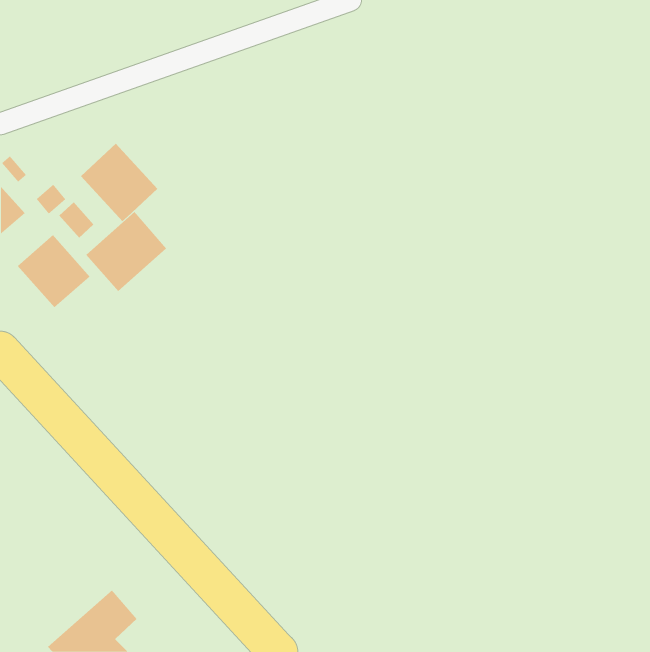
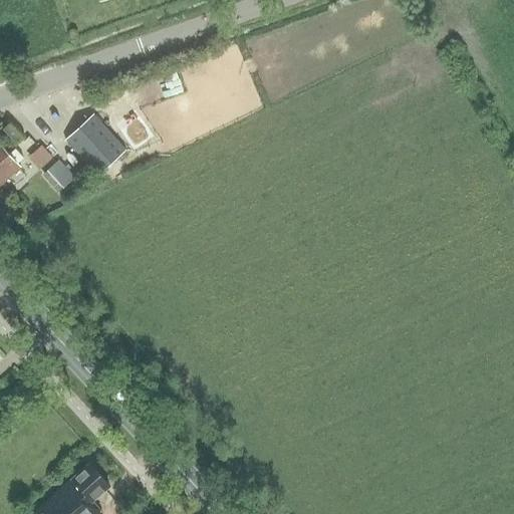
building: [86,211,167,292] -> none
building: [17,234,90,308] -> none

